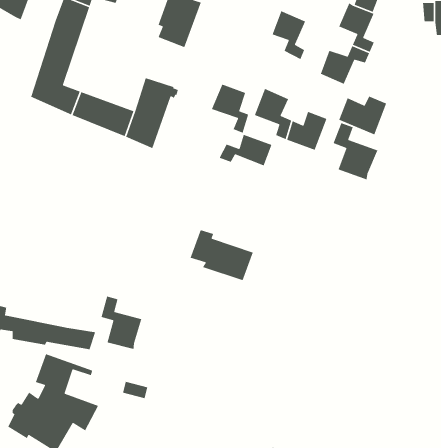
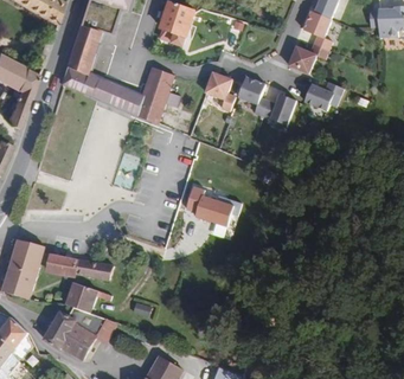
building: [271,10,306,60] -> none
building: [333,122,379,181] -> none
building: [219,134,273,166] -> none
building: [100,296,143,350] -> none

